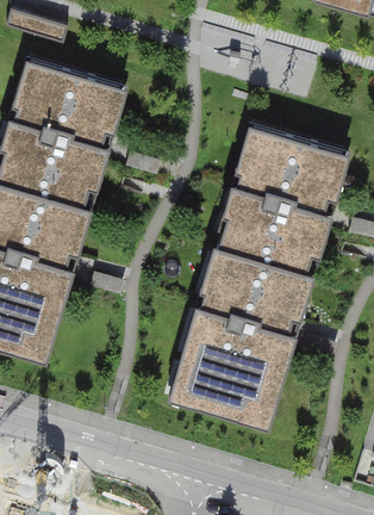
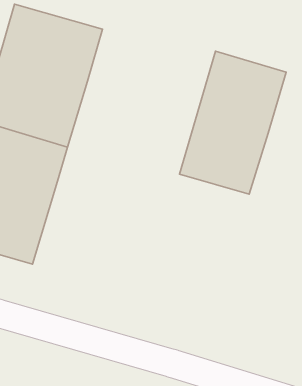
building: [176,260,300,423] -> none

